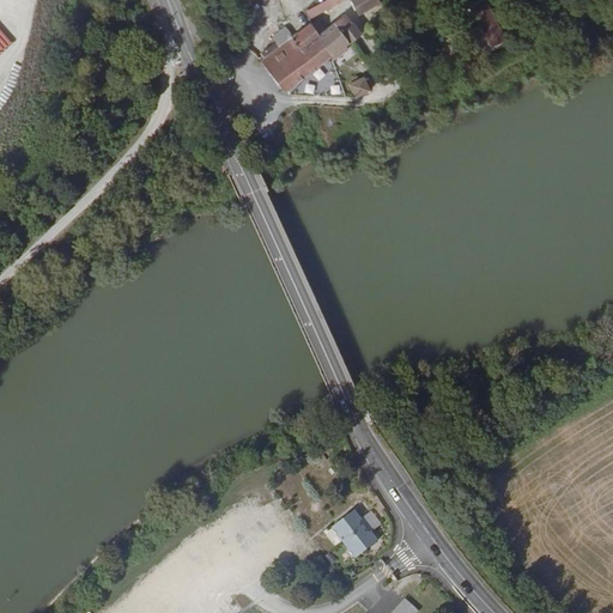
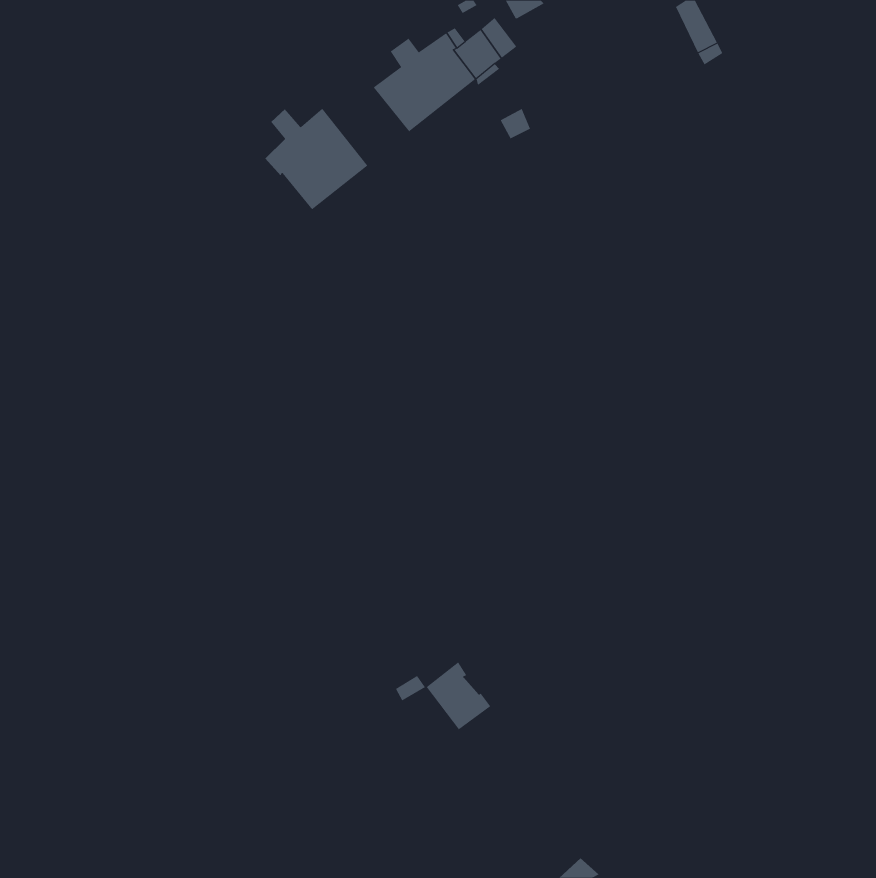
building: none -> [265,108,368,210]
building: [332,509,377,557] -> [426,662,491,730]

